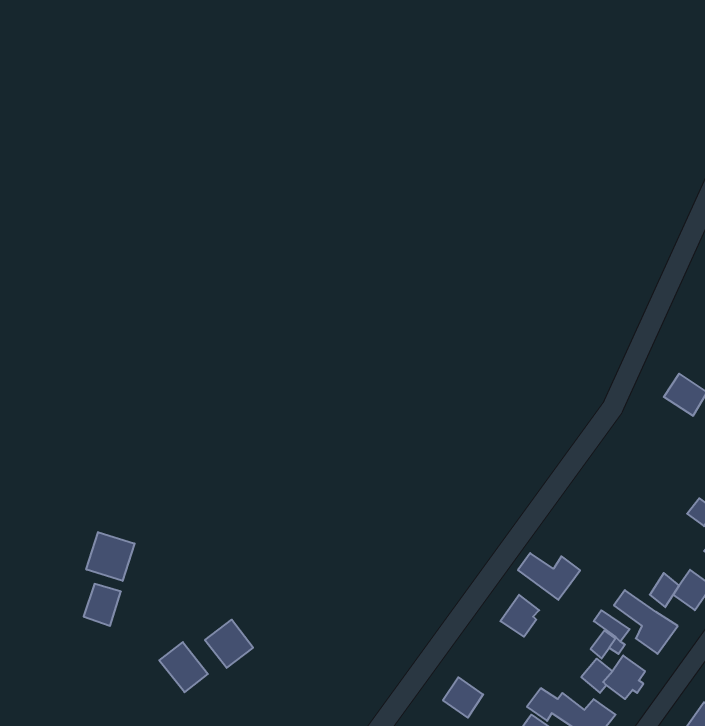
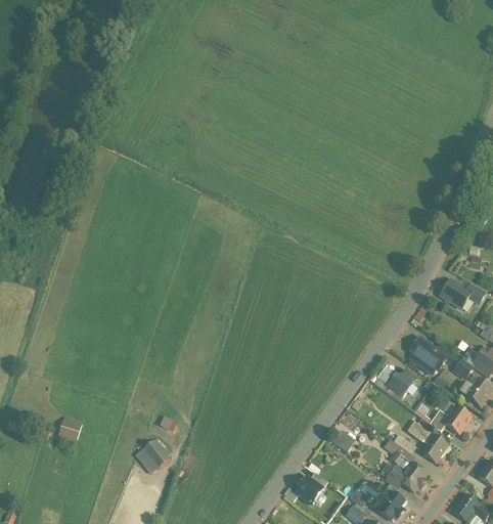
building: none -> [407,336,452,377]
building: [86,532,135,581] -> none
building: [518,553,580,600] -> [378,366,419,397]
building: [159,642,208,692] -> none

